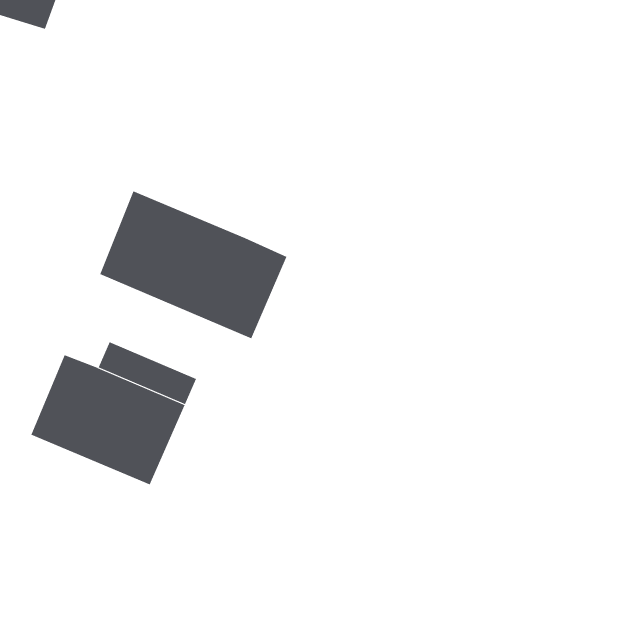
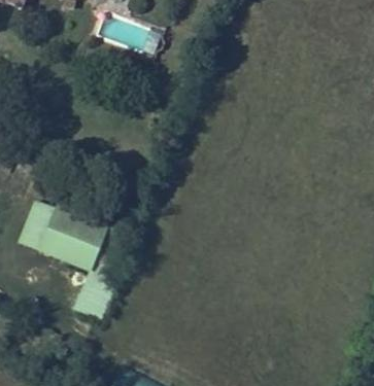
building: [100,190,287,339] -> none

